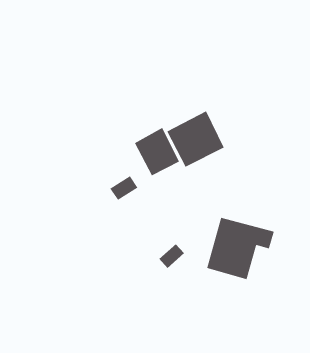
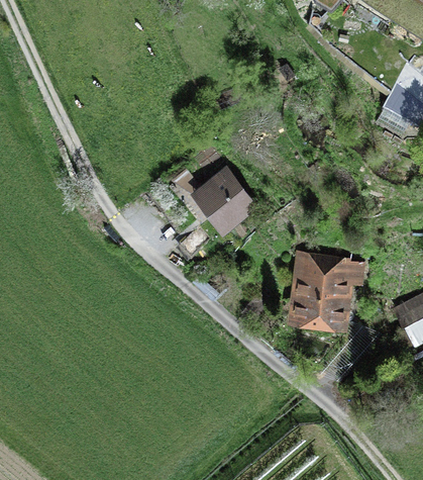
building: [166,110,225,168] -> none

